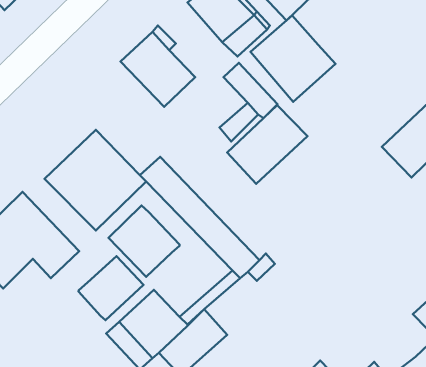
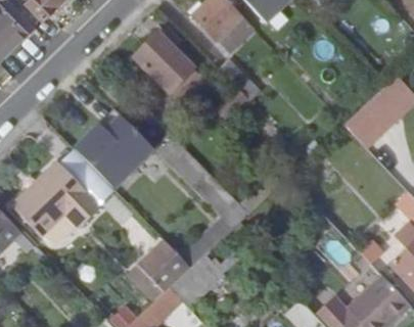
building: [251,15,335,102] -> none
building: [227,105,308,184] -> none
building: [108,206,179,277] -> none
building: [79,256,144,320] -> none

